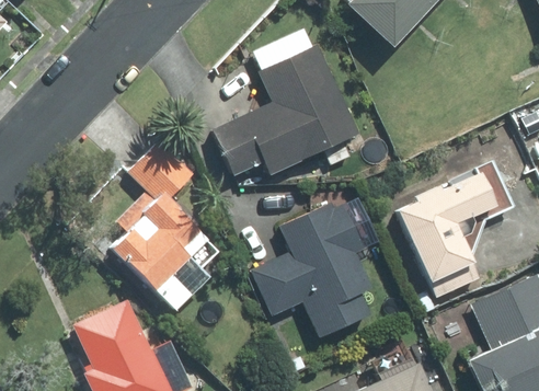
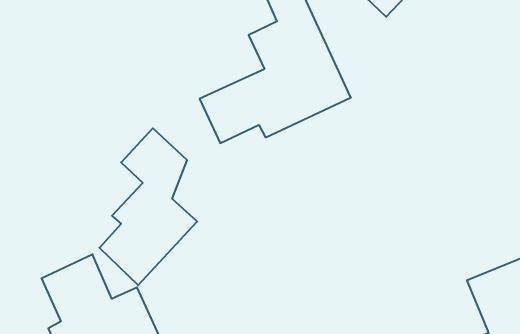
building: [389,172,494,299] -> none
building: [252,204,382,337] -> none

